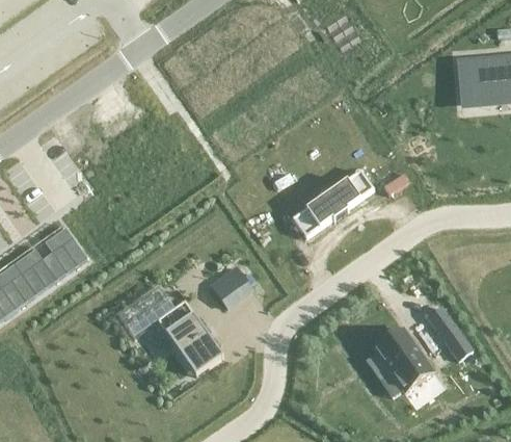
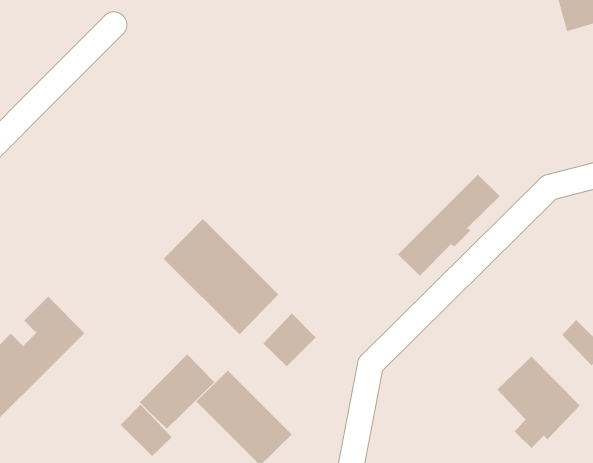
building: [291,168,372,235] -> [397,174,500,277]
building: none -> [163,218,279,335]
building: none -> [120,404,173,457]

